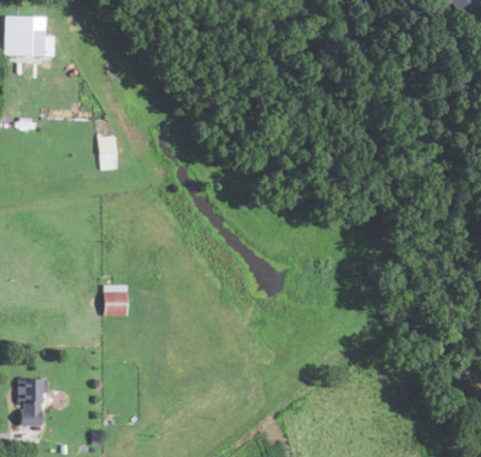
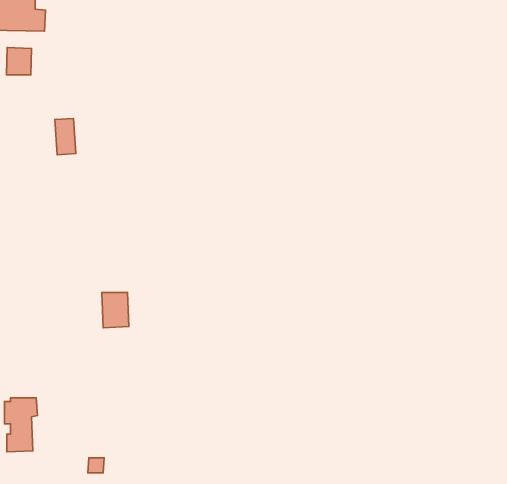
building: none -> [7,48,32,75]
building: [98,136,117,169] -> [55,118,76,155]

